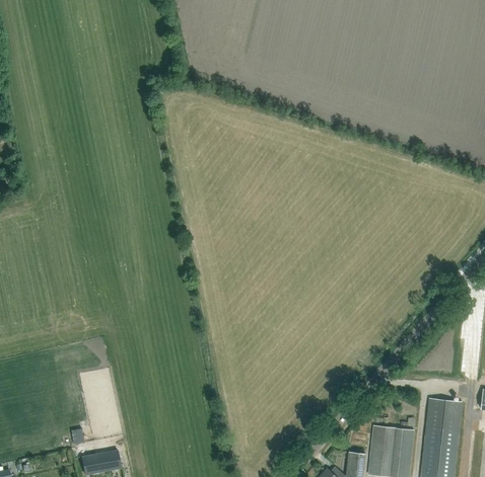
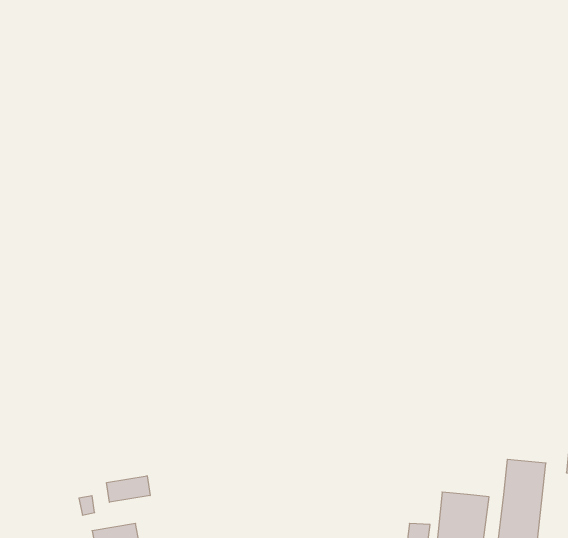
building: none -> [107,476,150,502]

